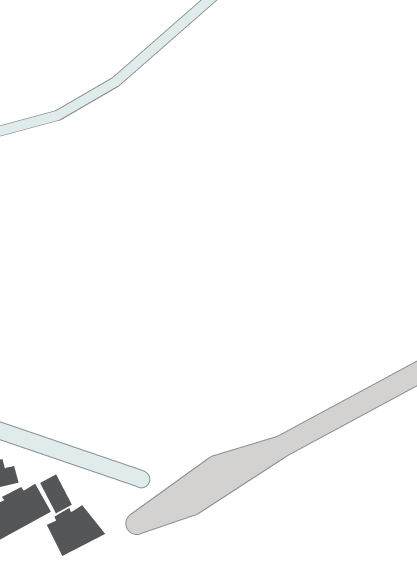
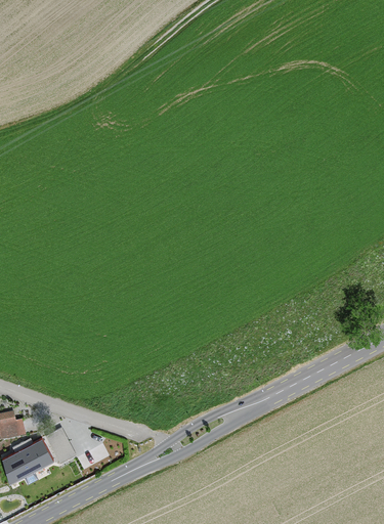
building: [46,504,106,557] -> none

